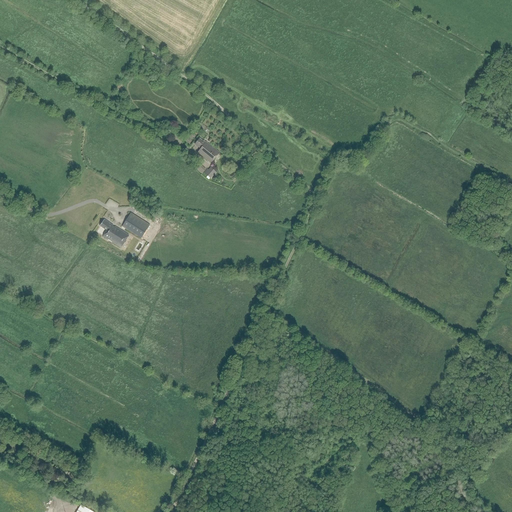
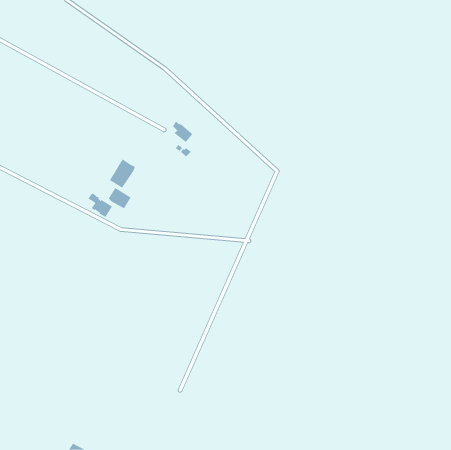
building: none -> [109,158,136,189]

